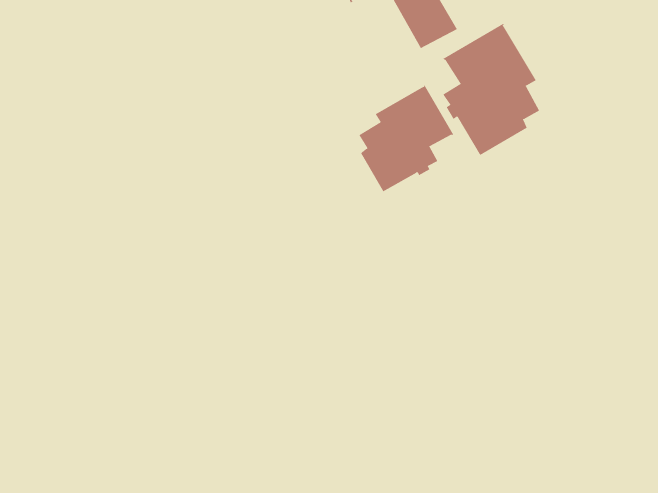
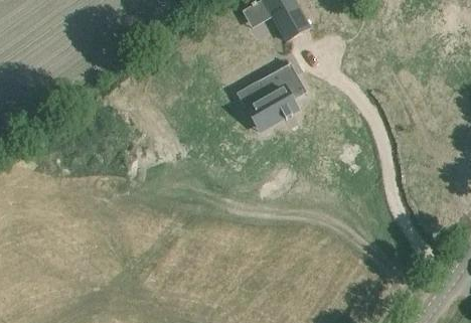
building: [442,23,540,156] -> none

